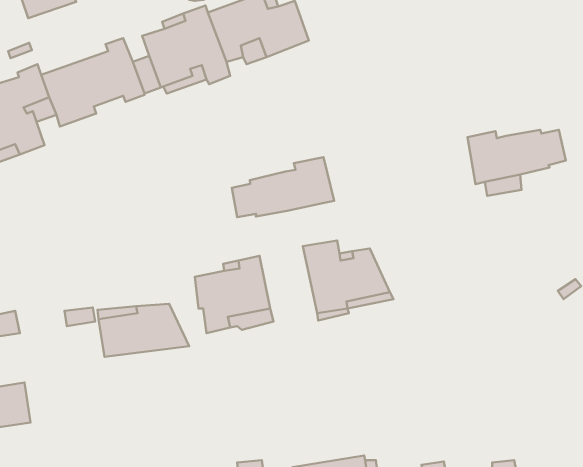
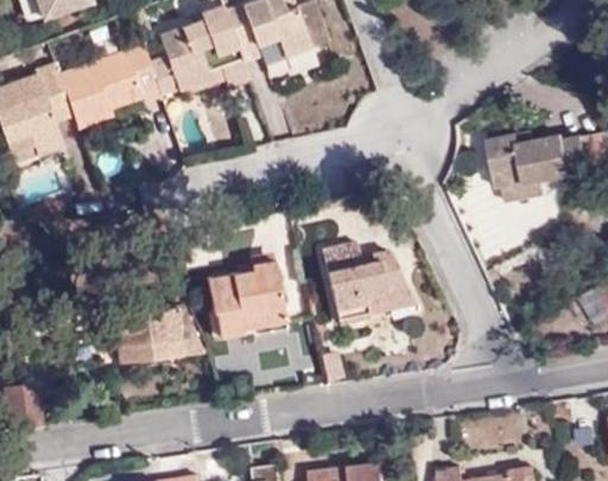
building: [232,157,334,217] -> none

